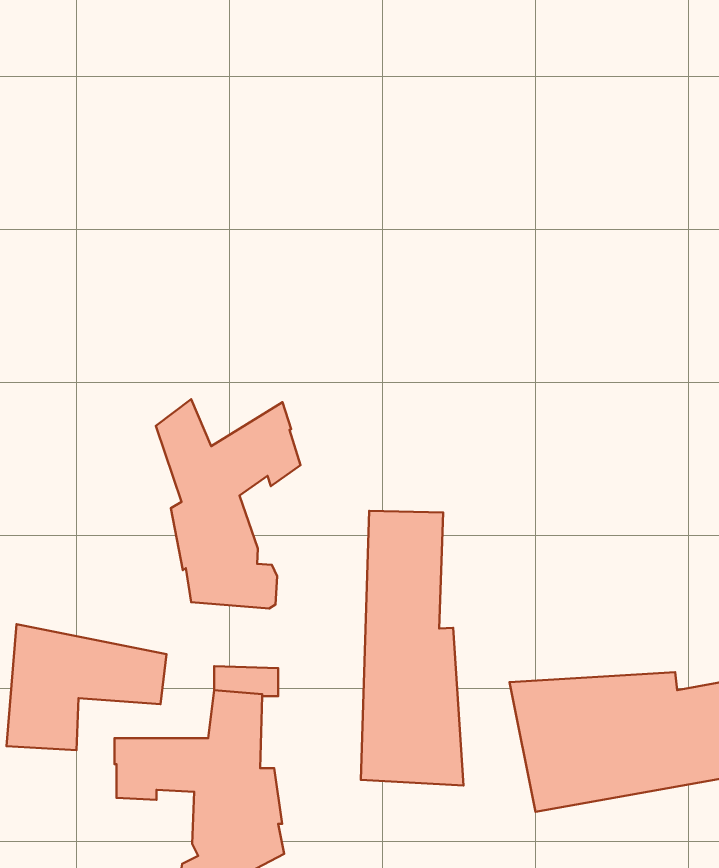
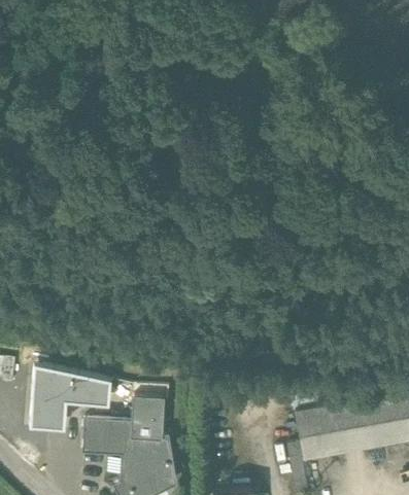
building: [156,399,301,608] -> none
building: [361,511,463,785] -> none

